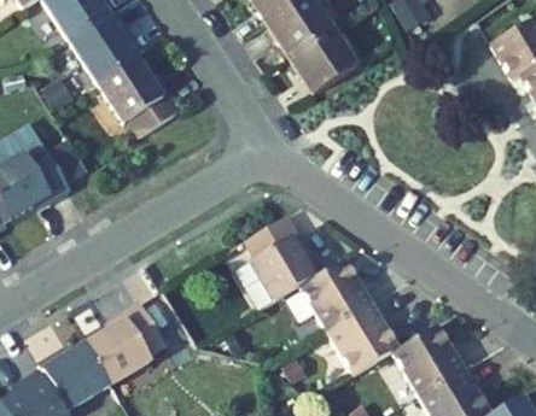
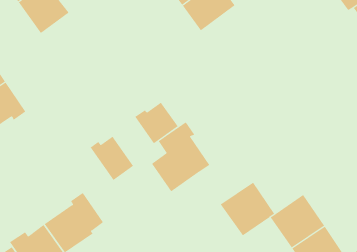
building: [97,59,180,139] -> none
building: none -> [135,102,178,144]
building: none -> [90,136,134,181]
building: [298,258,372,330] -> none

